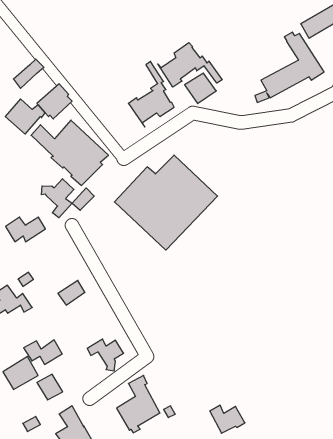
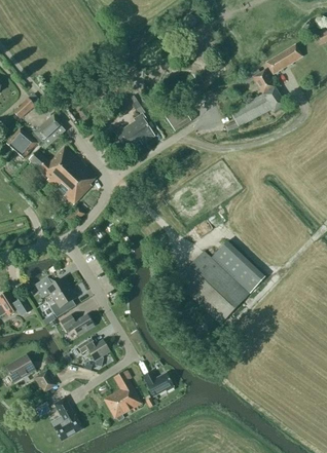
building: [158,43,222,87] -> none
building: [114,155,218,250] -> [174,240,264,324]
building: [41,179,74,218] -> none
building: [6,217,45,242] -> [34,276,69,298]
building: [24,340,62,364] -> [59,313,93,335]
building: [210,405,245,433] -> [142,371,173,395]

